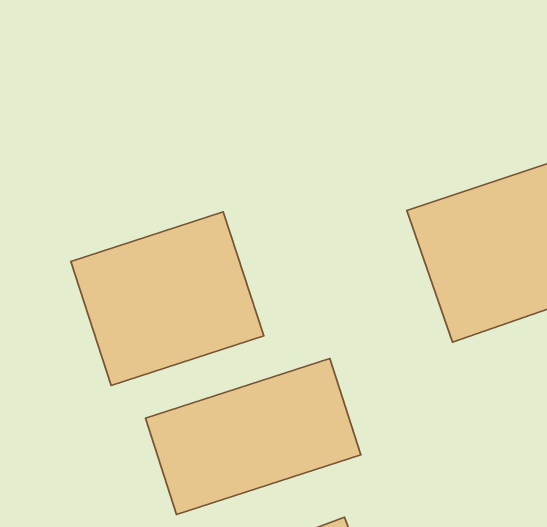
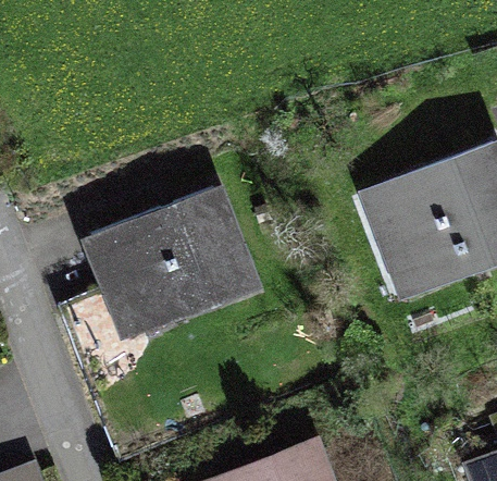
building: [146,358,361,515] -> none

